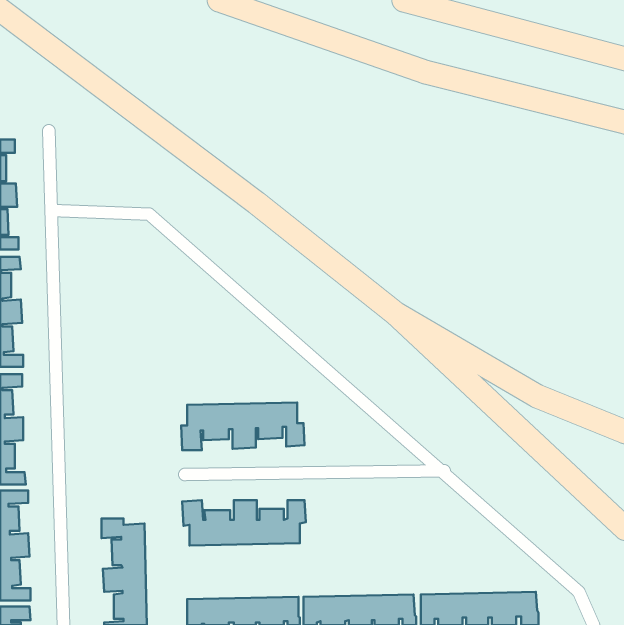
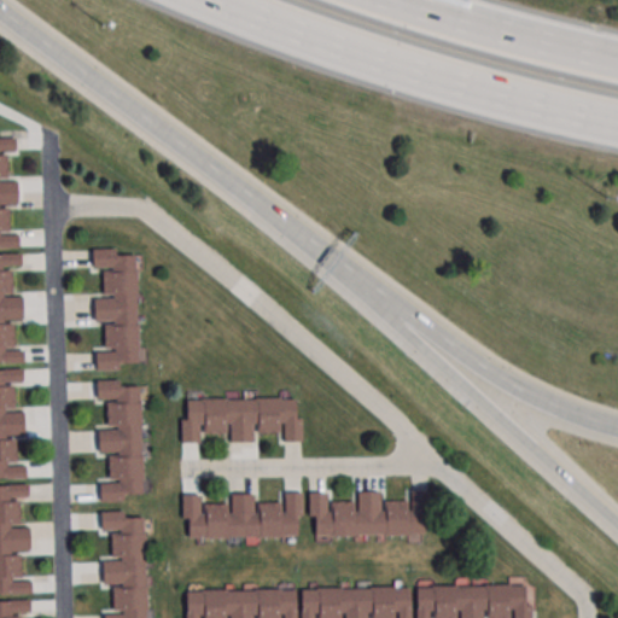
building: none -> [93,249,139,371]
building: none -> [98,380,144,501]
building: none -> [308,491,428,537]

